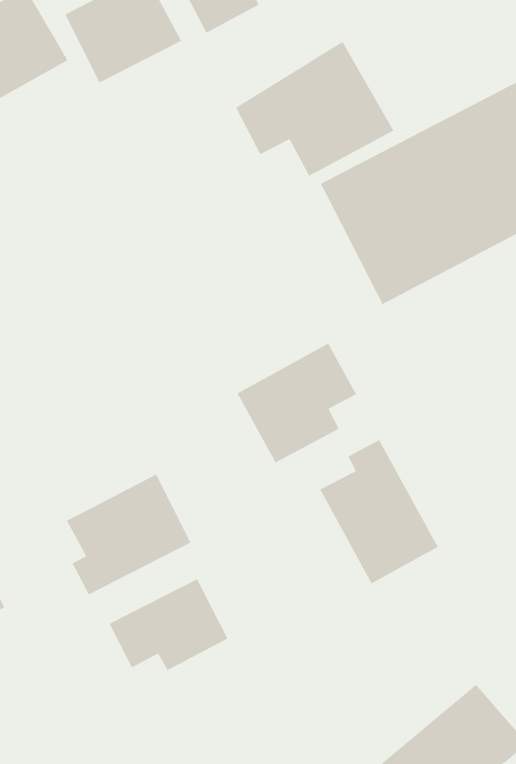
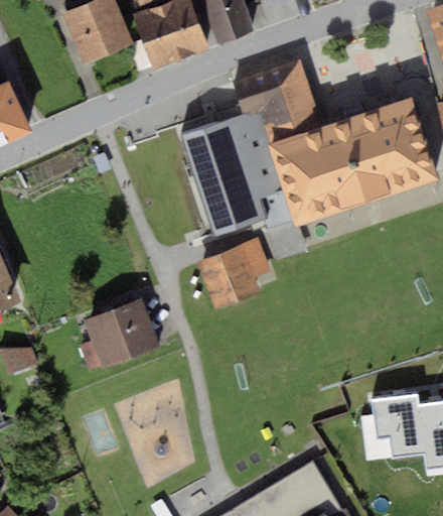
building: none -> [185,114,281,233]
building: [319,439,439,585] -> none
building: [109,578,229,671] -> none

